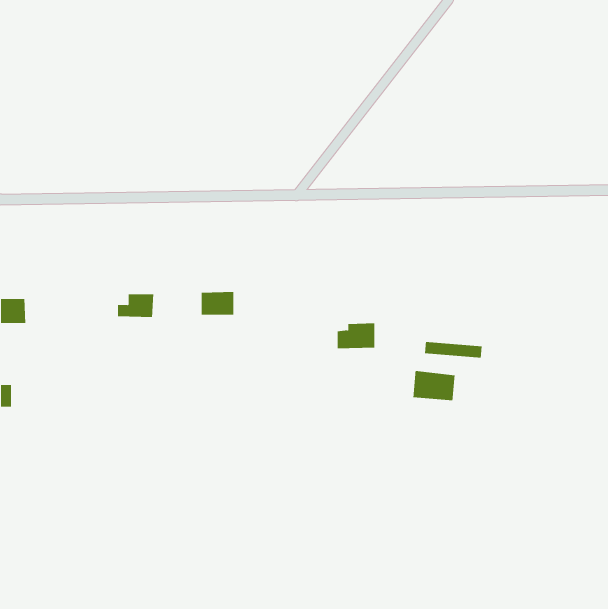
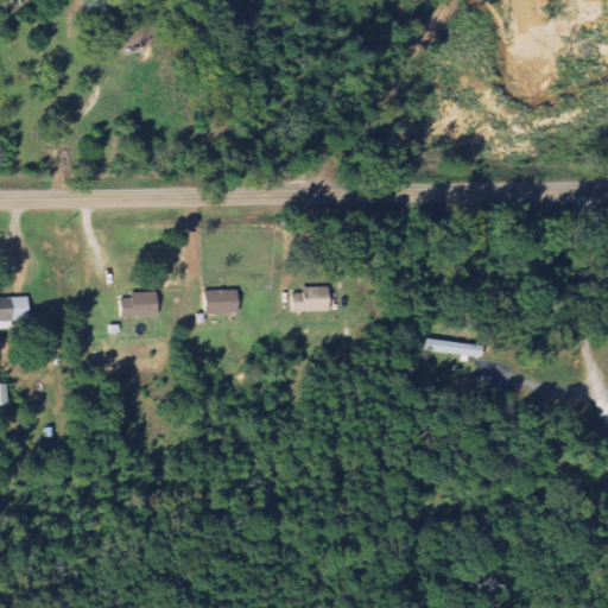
building: [337,323,375,349] -> [290,285,328,311]
building: [413,370,455,401] -> none

